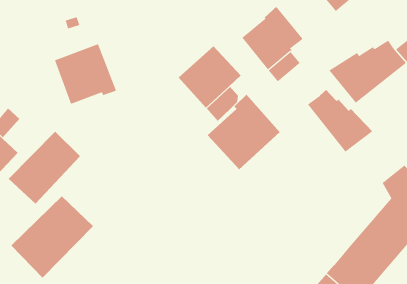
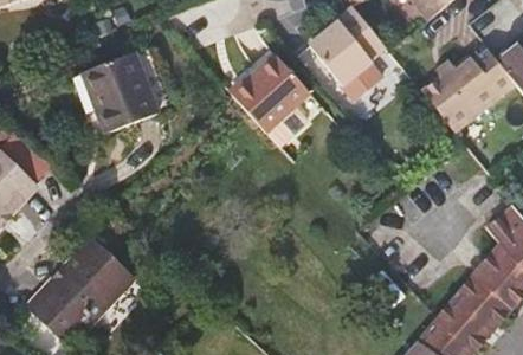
building: [307,89,373,152] -> none
building: [207,94,281,170] -> none
building: [8,131,81,204] -> none

